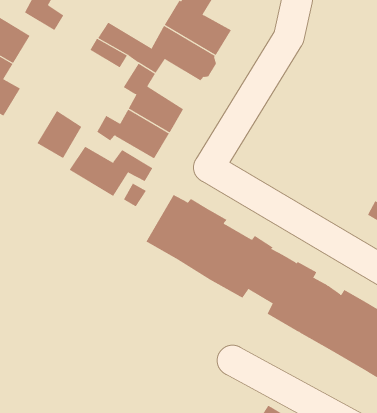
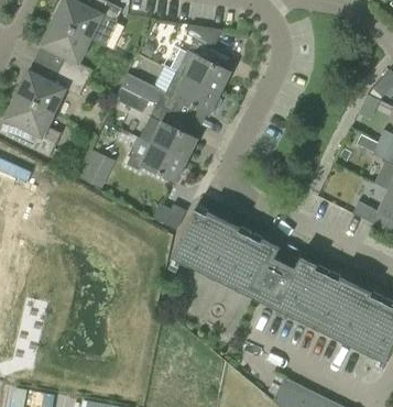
building: [69,146,153,197] -> none

